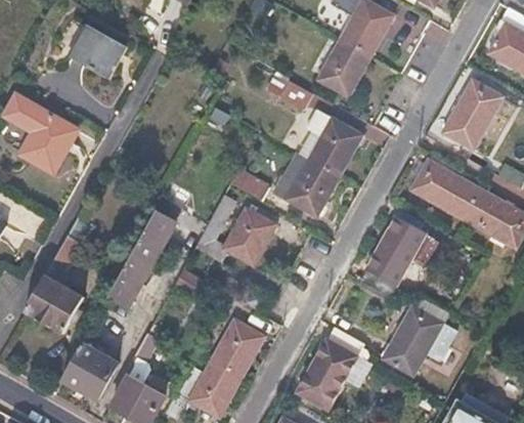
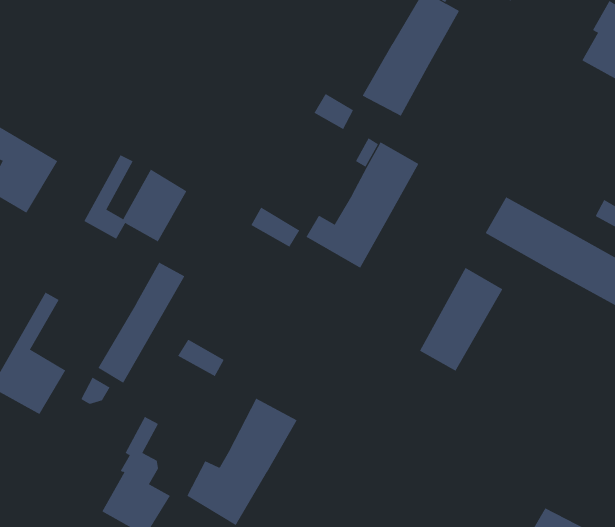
building: [70,26,126,80] -> none
building: [443,79,501,147] -> none
building: [192,196,273,264] -> [84,154,187,242]
building: [384,306,457,376] -> none
building: [298,326,363,408] -> none
building: [61,341,118,398] -> none

